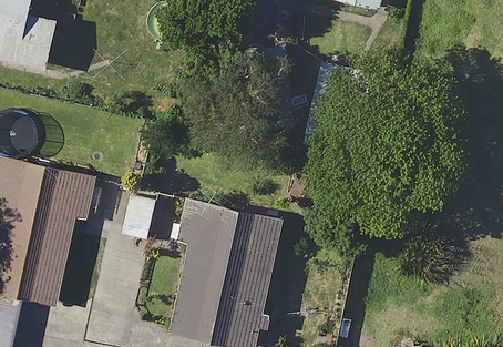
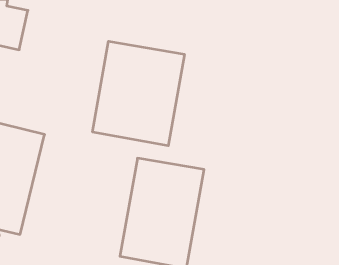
building: none -> [93,41,184,146]

